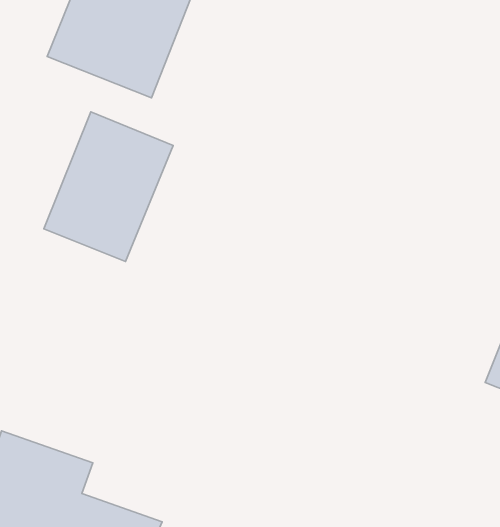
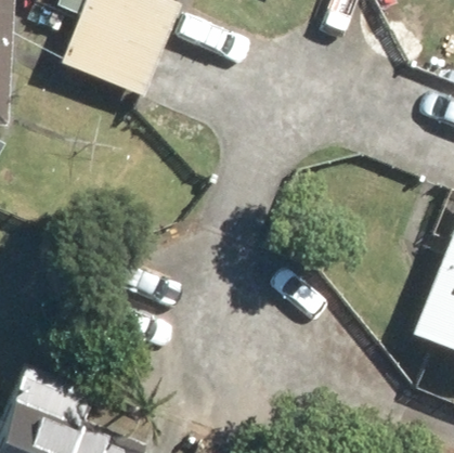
building: [44,112,173,262] -> none

